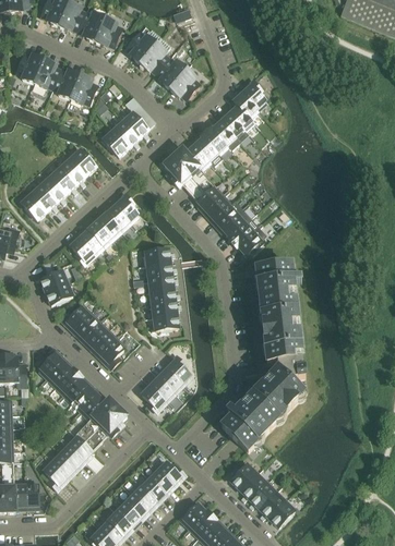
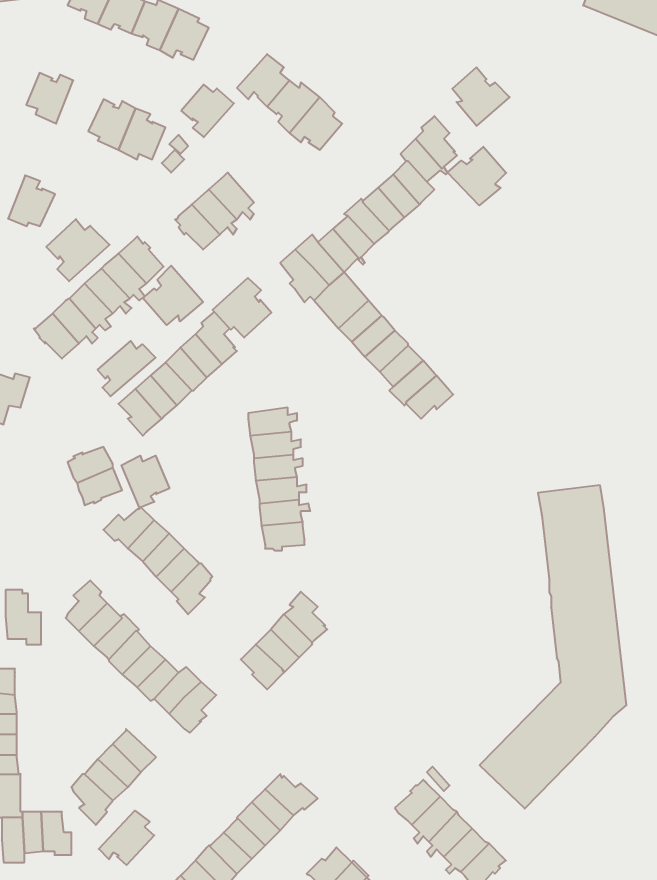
building: [125,32,156,62] -> [181,85,234,137]
building: none -> [452,67,510,126]
building: [34,58,61,87] -> [8,175,55,226]
building: none -> [448,147,506,205]
building: none -> [46,219,110,281]
building: none -> [143,266,203,325]
building: none -> [213,278,271,338]
building: none -> [98,341,156,396]
building: [222,264,307,451] -> [480,485,626,809]
building: none -> [121,456,169,508]
building: [74,416,108,450] -> none
building: none -> [99,811,154,865]

